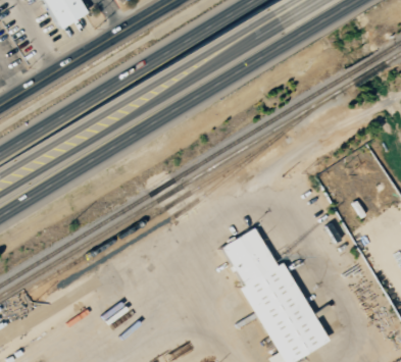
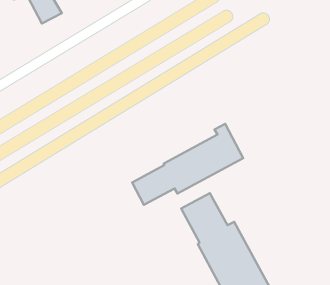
building: none -> [132,124,243,205]

